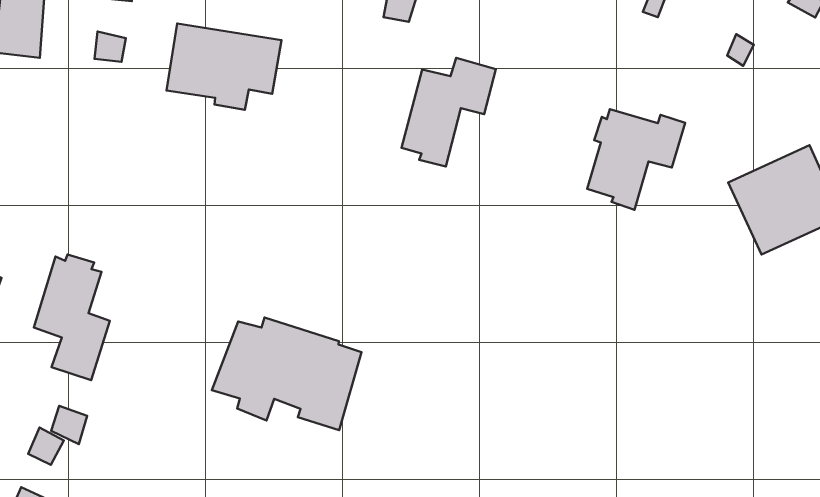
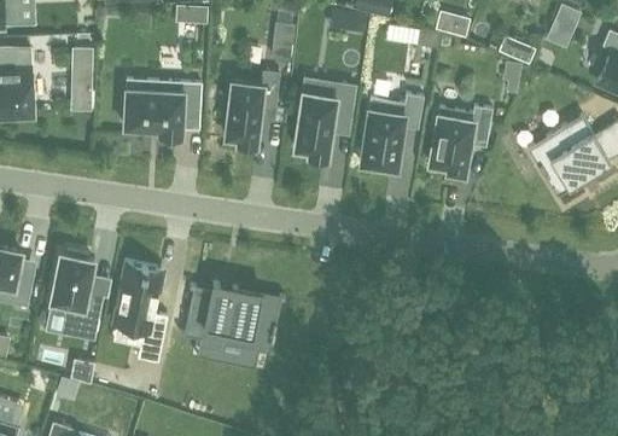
building: none -> [226,72,279,147]
building: none -> [360,94,424,172]
building: none -> [109,263,161,360]

